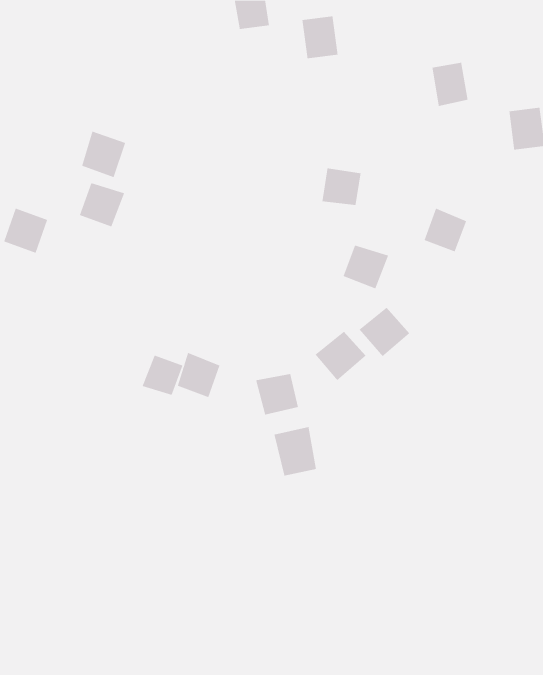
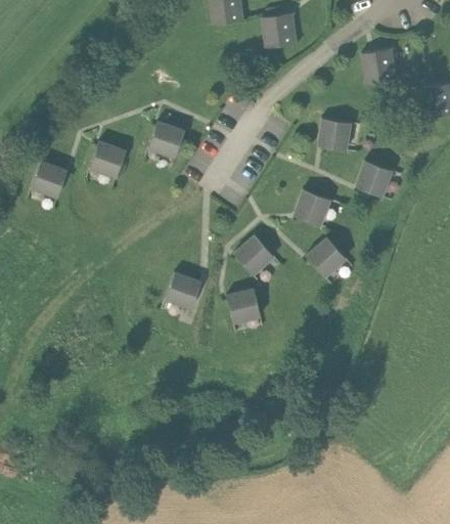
building: [81,131,126,178] -> [149,121,184,158]
building: [322,167,361,206] -> [319,120,350,149]
building: [315,331,366,381] -> [234,235,274,274]
building: [142,355,183,396] -> none
building: [273,426,317,477] -> none

